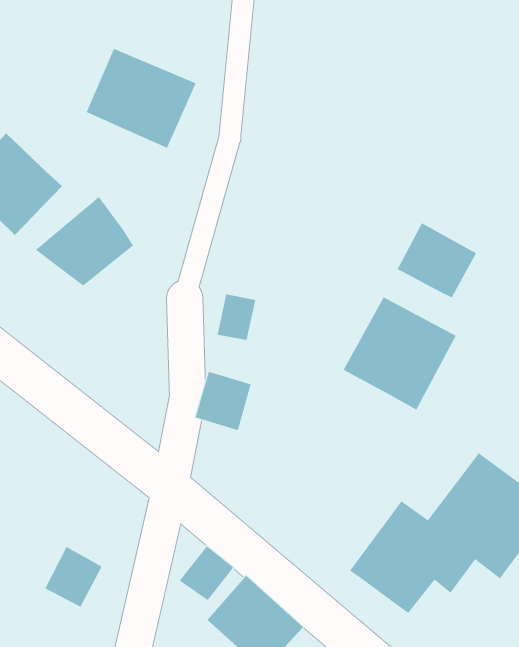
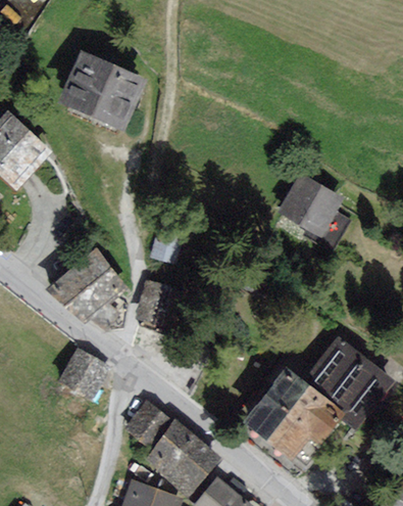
building: [35,196,134,286] -> [50,251,119,315]
building: [343,297,457,411] -> none
building: [44,546,103,607] -> [63,351,104,394]

